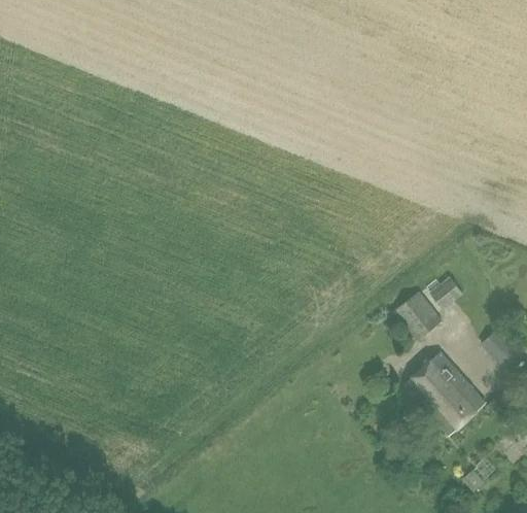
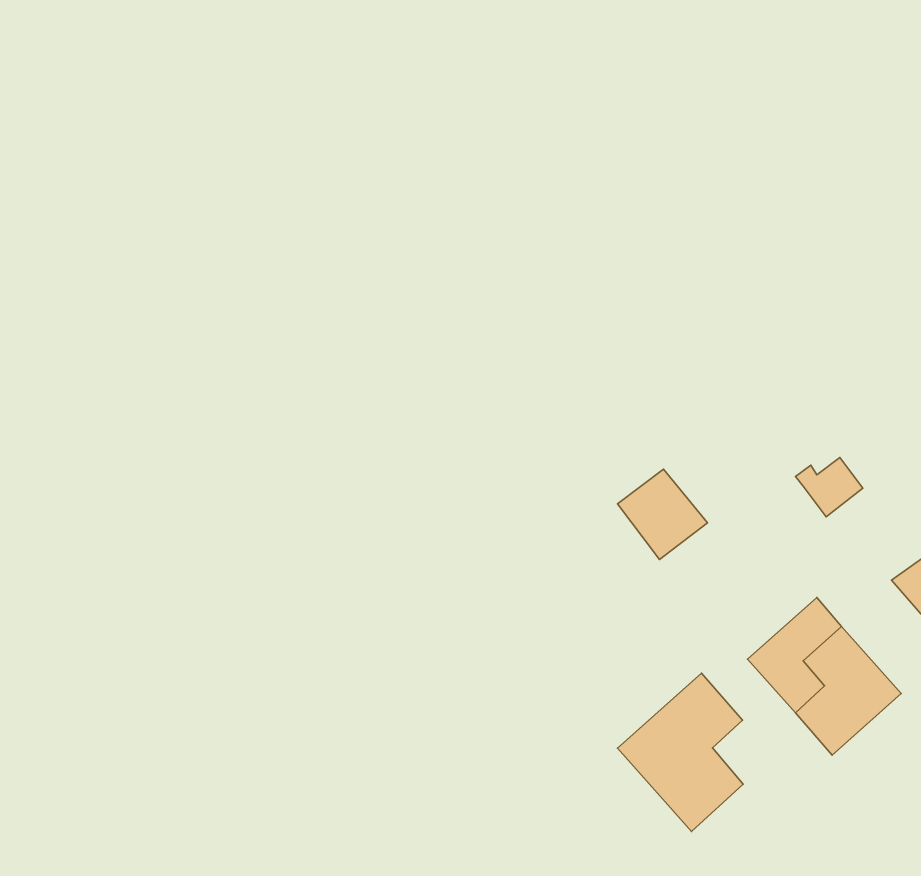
building: [393,290,442,339] -> [617,469,708,559]
building: none -> [618,673,743,831]

